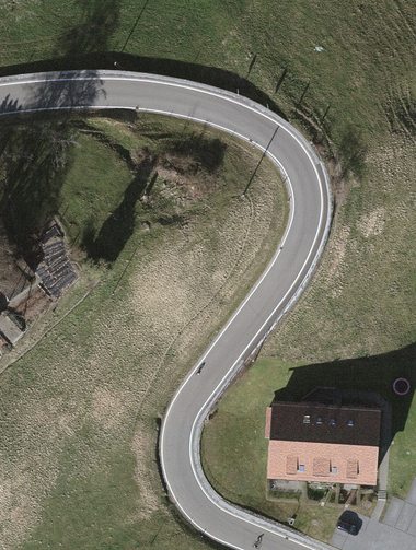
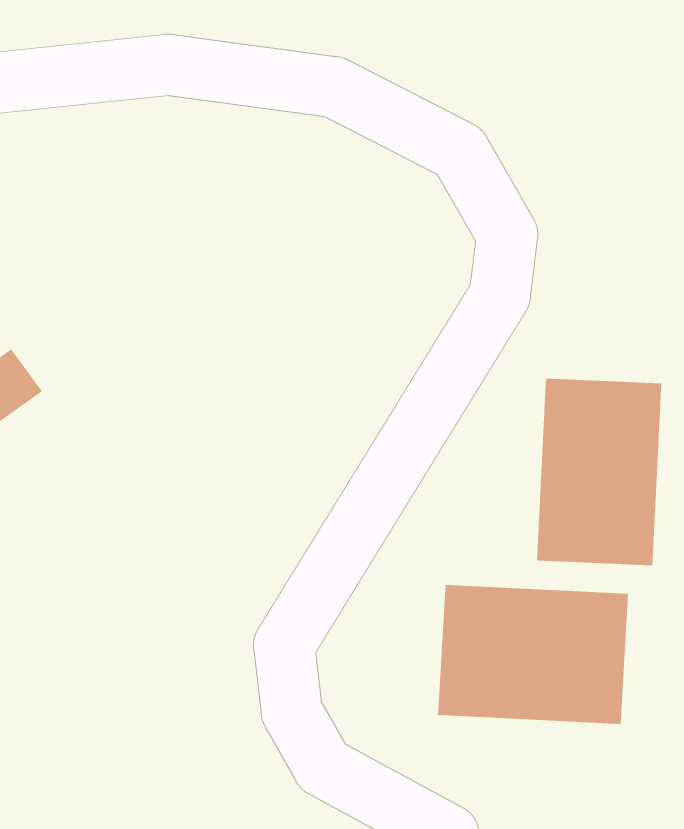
building: none -> [536,378,662,566]

